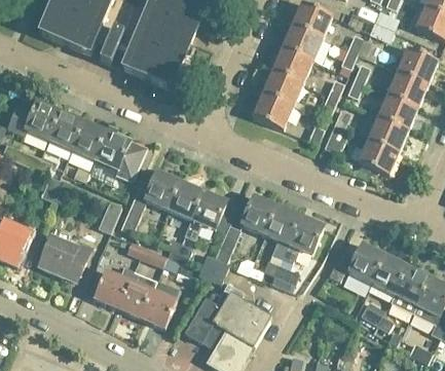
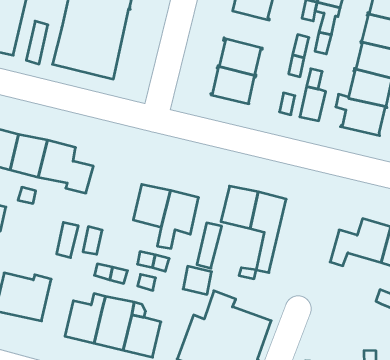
building: [272,46,312,83] -> none
building: [144,171,180,210] -> none
building: [274,215,324,284] -> none

